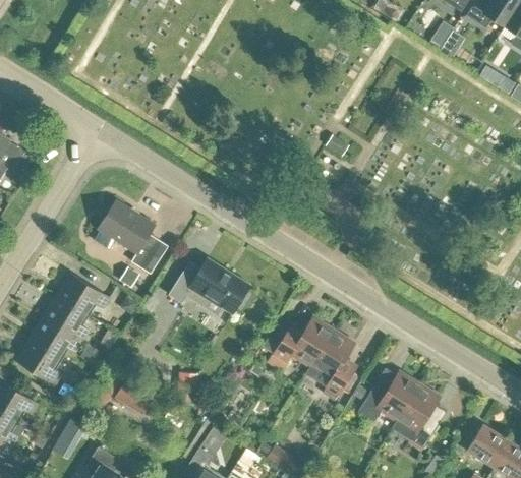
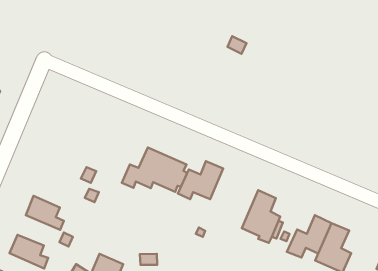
building: [94,199,168,273] -> none
building: [56,273,110,313] -> none
building: [28,316,82,357] -> none
building: [274,318,335,366] -> [178,161,223,199]

